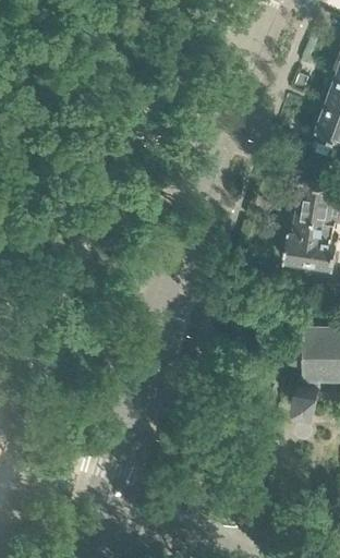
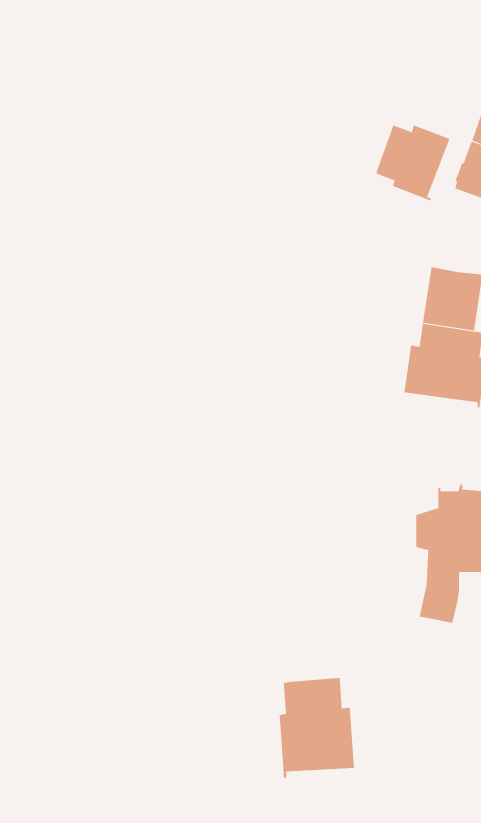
building: none -> [376,125,450,201]
building: none -> [279,677,355,779]

